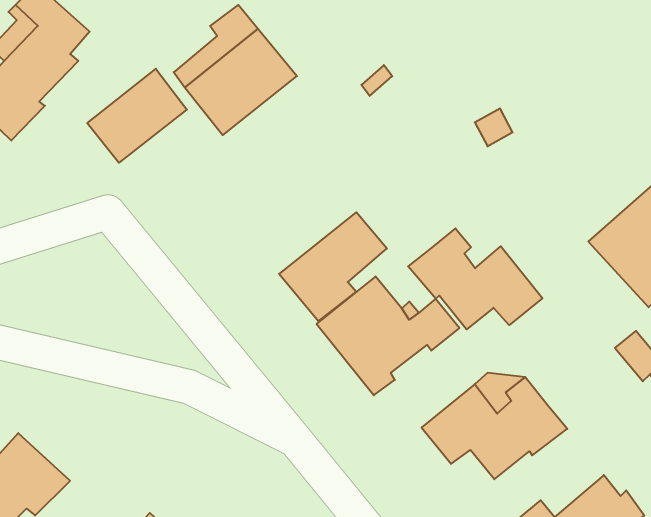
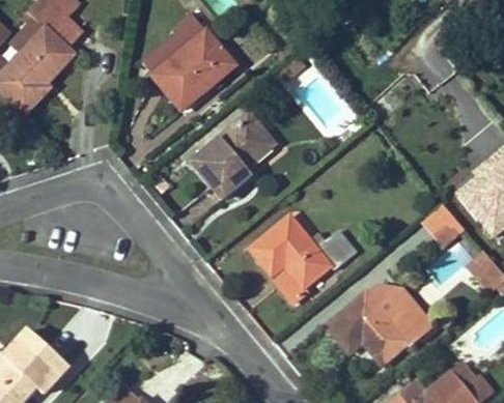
building: [87,69,187,163] -> none
building: [279,212,387,321] -> [192,117,272,198]
building: [408,228,542,329] -> none
building: none -> [423,204,466,248]

